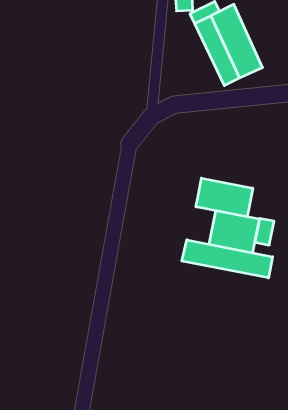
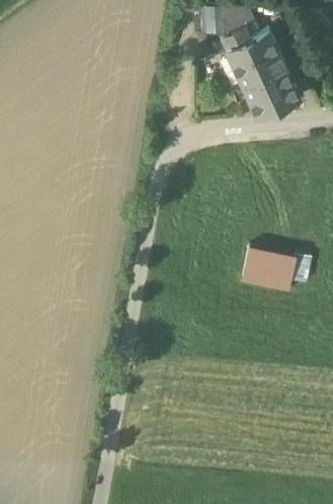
building: [196,178,253,217] -> none
building: [182,240,273,278] -> none

